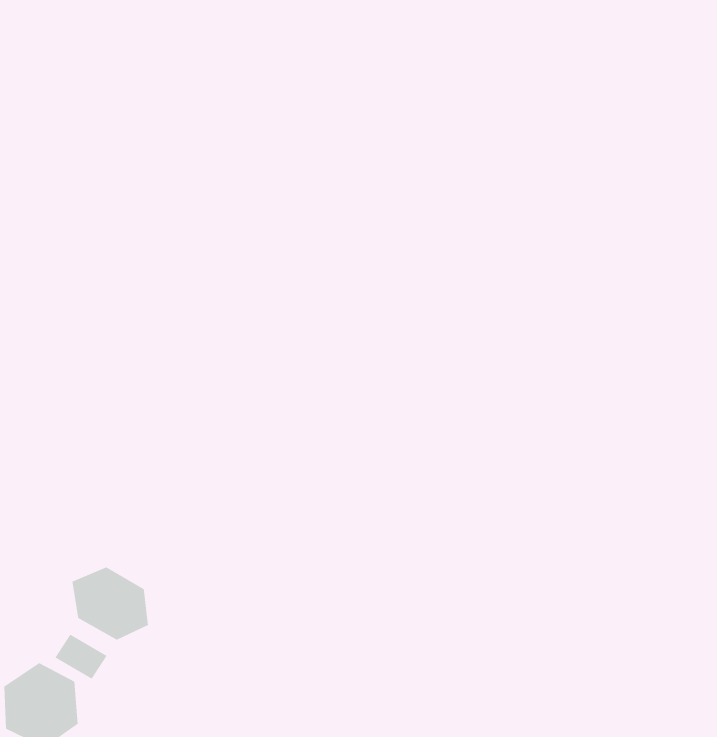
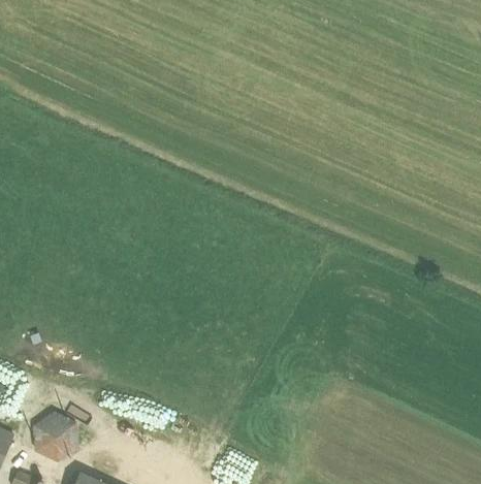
building: [72,566,148,641] -> none

